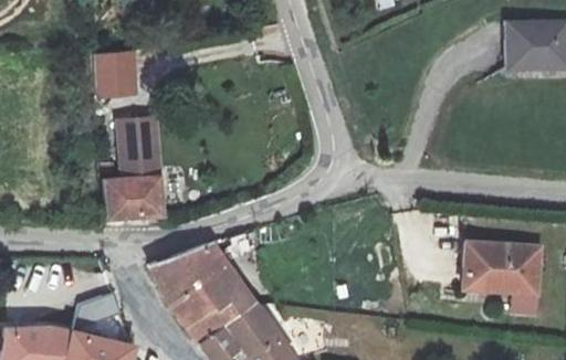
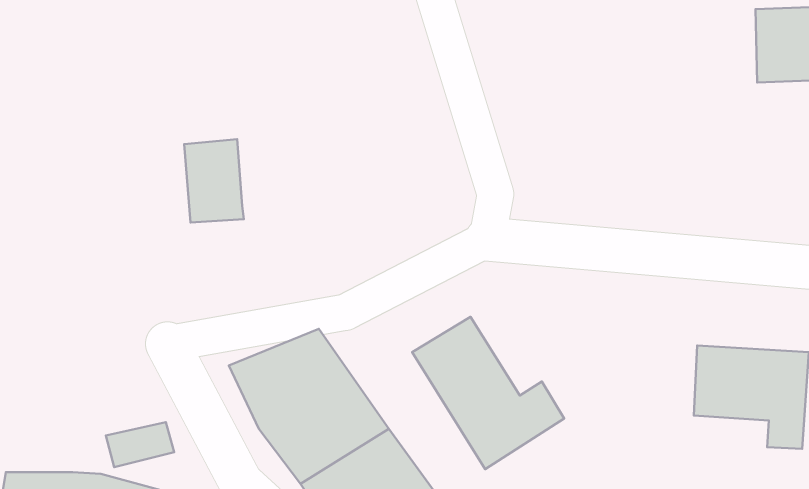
building: [88,49,135,100] -> none
building: [107,161,166,204] -> none
building: none -> [412,317,564,469]

